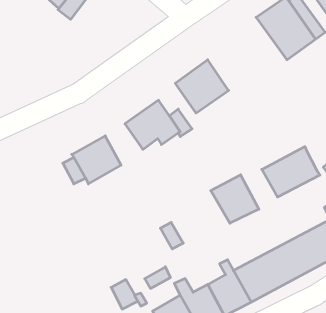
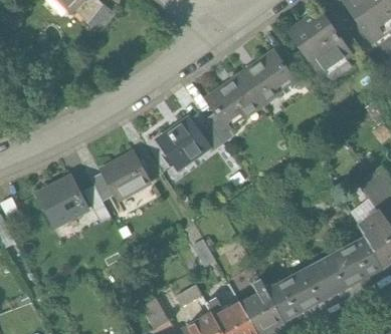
building: none -> [239,51,295,105]
building: [262,147,320,197] -> none
building: none -> [37,178,86,228]
building: [211,175,259,223] -> none

